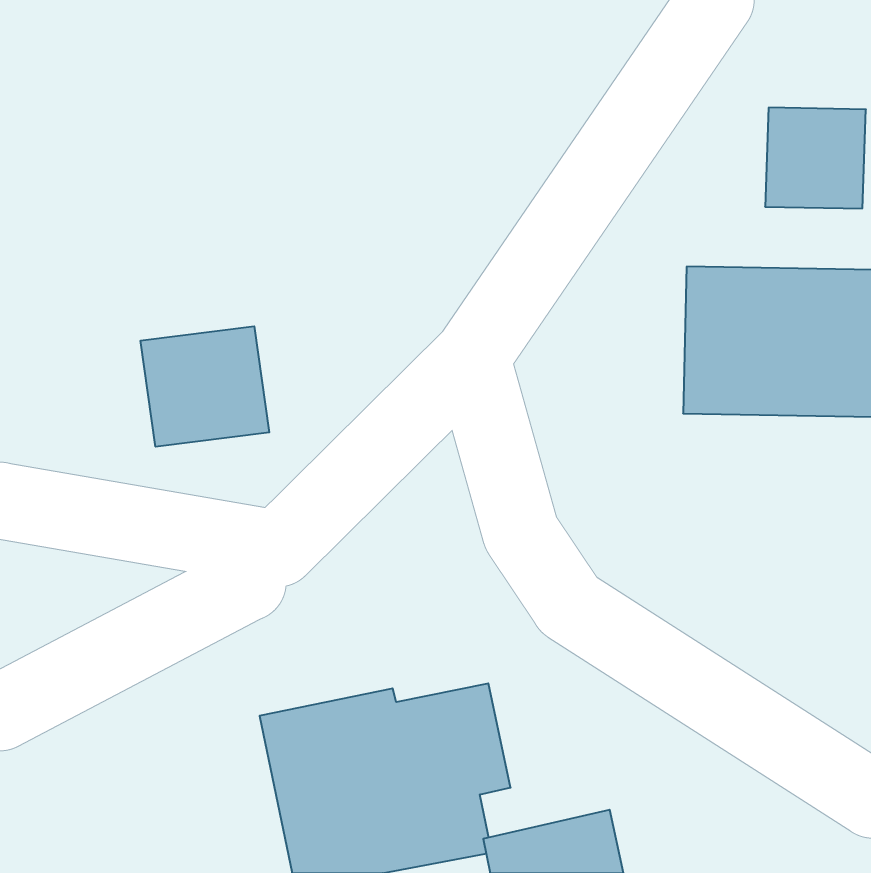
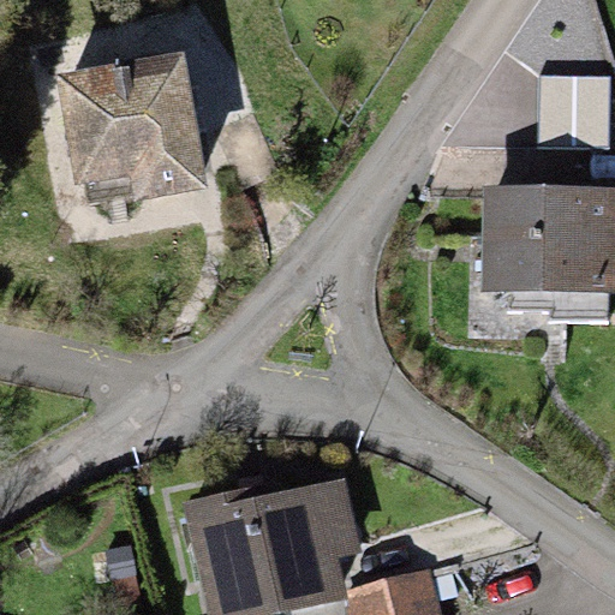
building: none -> [58,55,205,201]
building: [141,326,269,447] -> none

